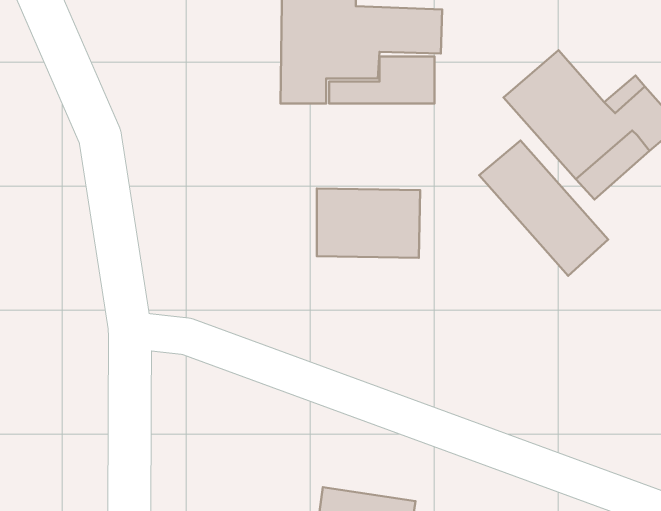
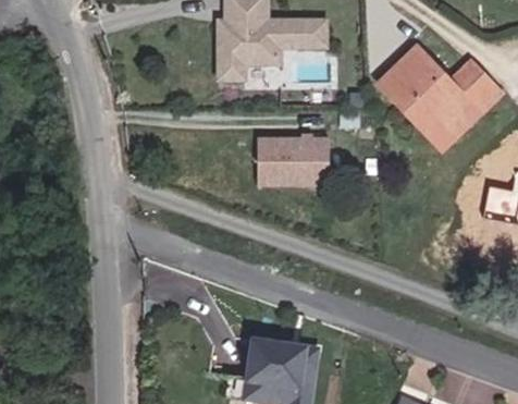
building: [479,141,608,276] -> none

